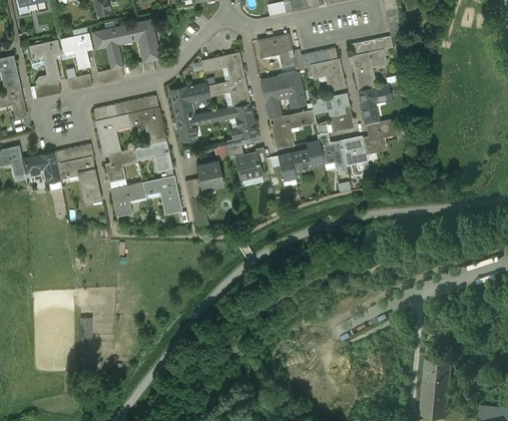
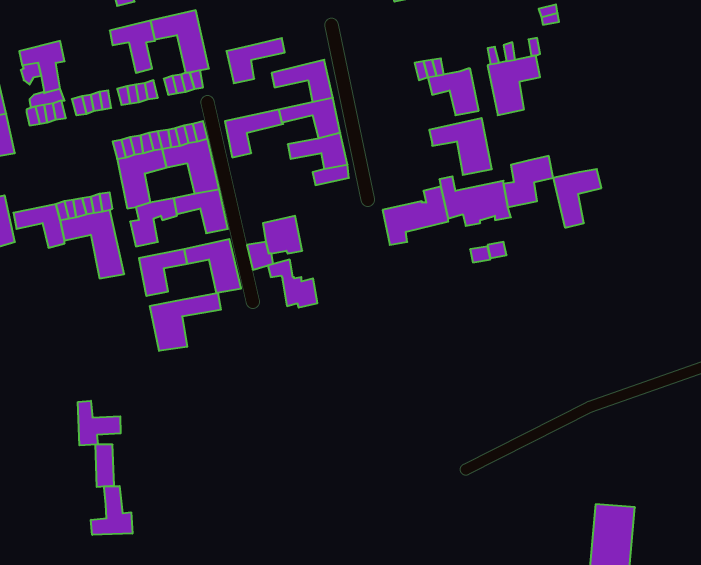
building: [61,33,91,68] -> none
building: [258,35,295,69] -> none
building: [263,72,305,112] -> none
building: [358,85,391,125] -> [553,169,601,227]
building: [270,110,315,149] -> none
building: [175,111,215,142] -> [226,38,285,83]
building: [226,143,261,176] -> [268,260,317,308]
building: none -> [150,293,221,351]
building: none -> [78,401,121,445]
building: none -> [91,486,132,535]

